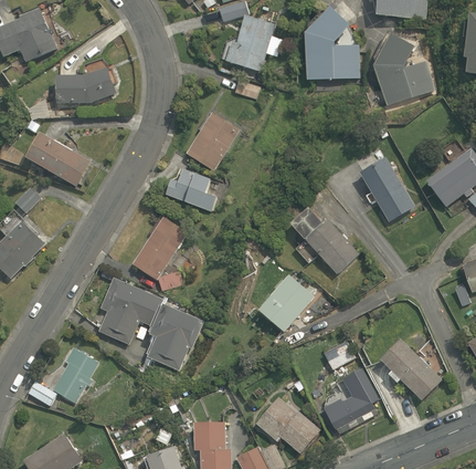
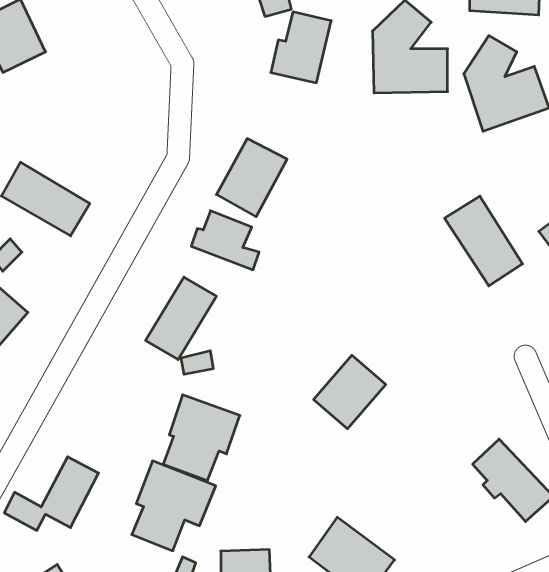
building: [55,69,114,104] -> none
building: [292,211,357,273] -> none
building: [98,278,161,345] -> [132,461,216,551]
building: [324,340,356,369] -> none
building: [324,368,377,434] -> none

